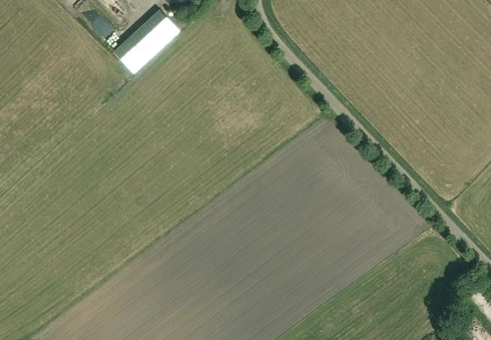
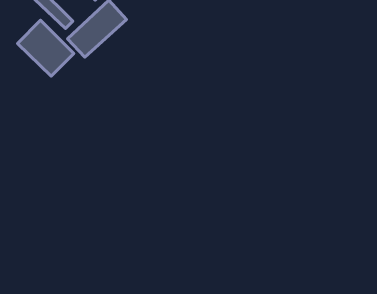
building: none -> [17,20,74,76]

